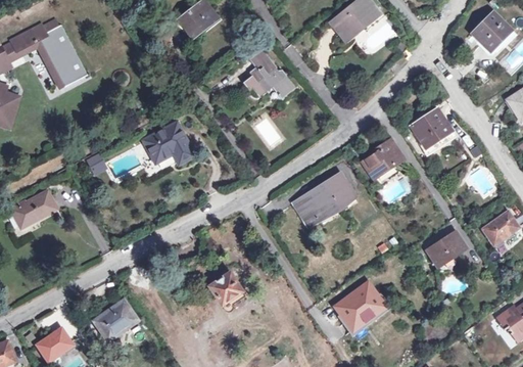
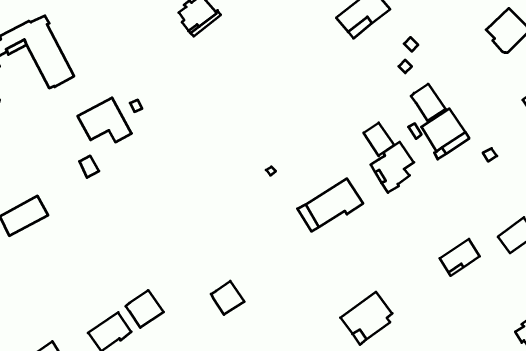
building: [242,49,293,97] -> none
building: none -> [411,84,446,121]
building: none -> [364,123,394,156]
building: [143,122,194,164] -> [78,98,132,142]
building: none -> [126,290,164,328]

